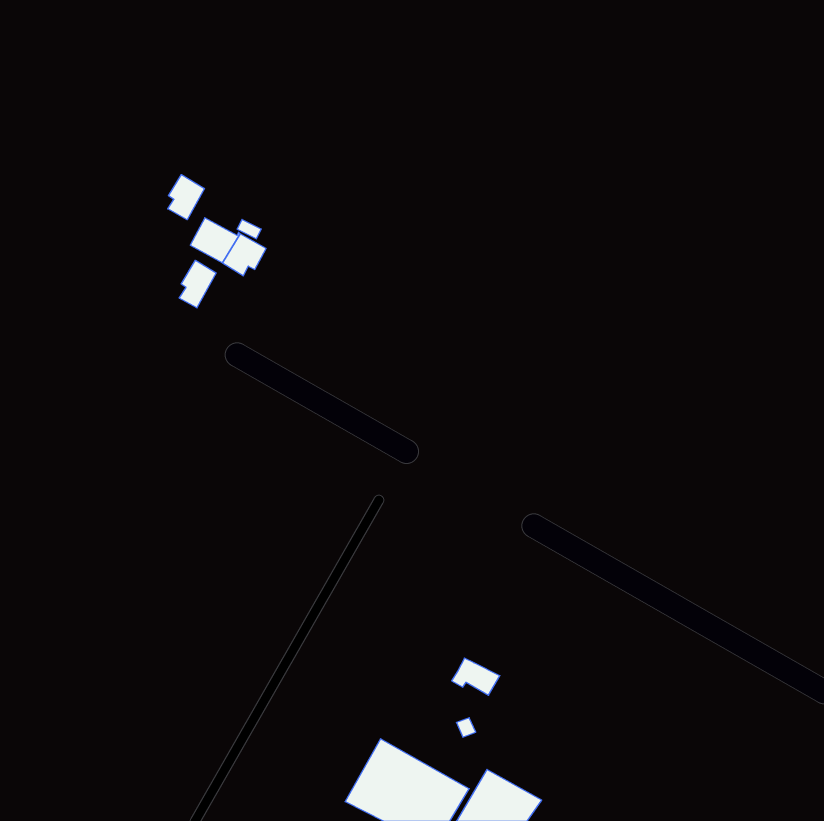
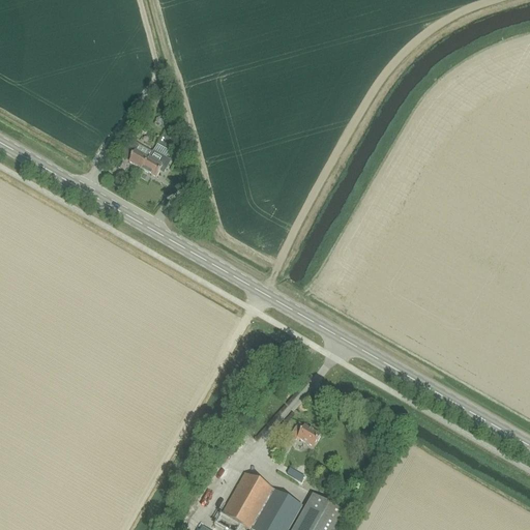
building: [168,175,204,220] -> none
building: [179,260,216,308] -> none

